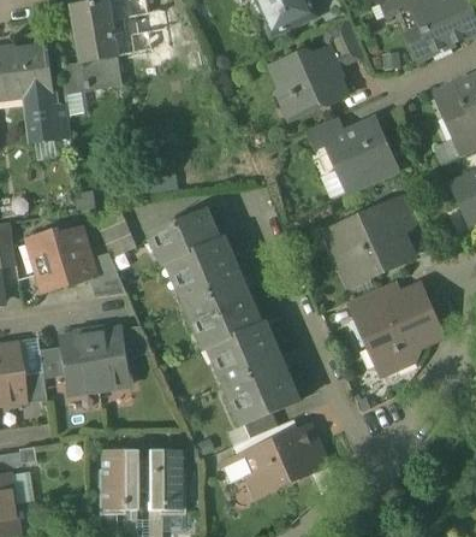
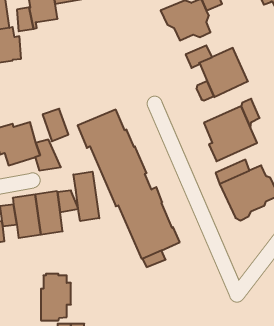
building: none -> [73,172,99,221]
building: [218,424,326,490] -> none
building: [141,449,184,514] -> none

